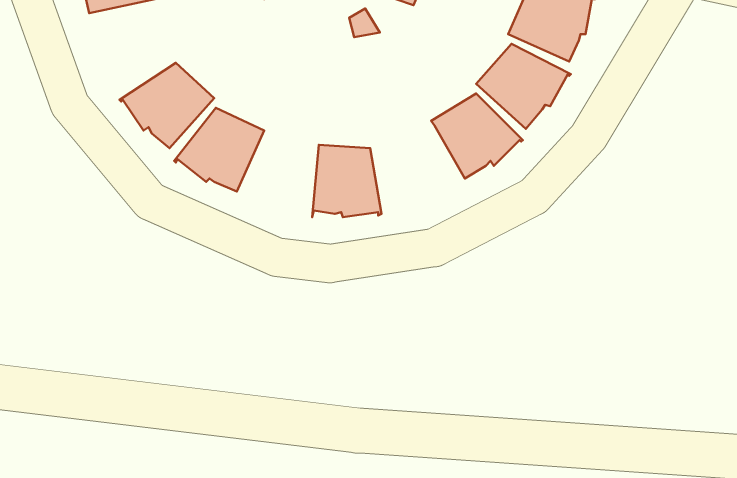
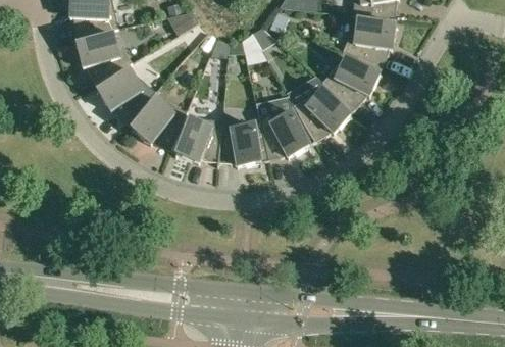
building: none -> [73,32,132,82]
building: none -> [258,108,310,157]
building: none -> [174,114,221,164]

